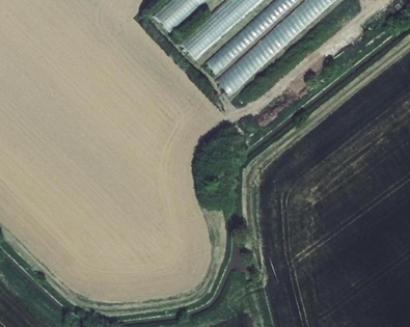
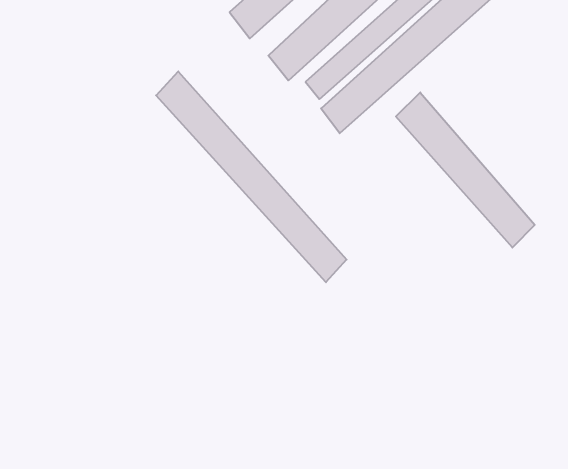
building: none -> [156,71,347,282]
building: none -> [396,92,535,248]

